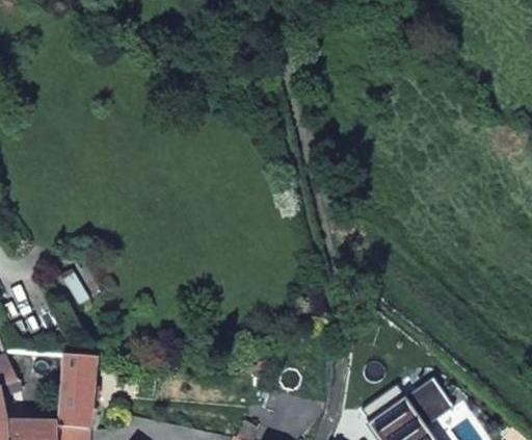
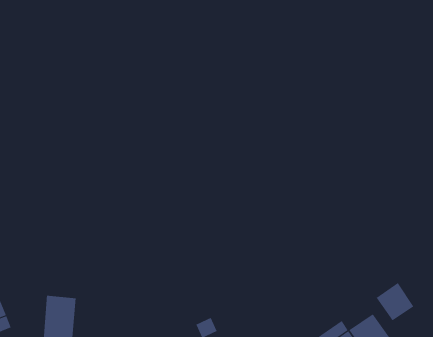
building: none -> [376,282,414,321]

